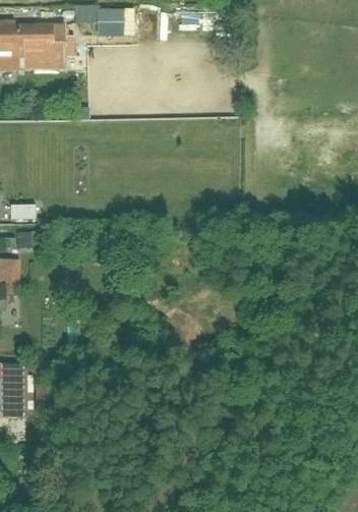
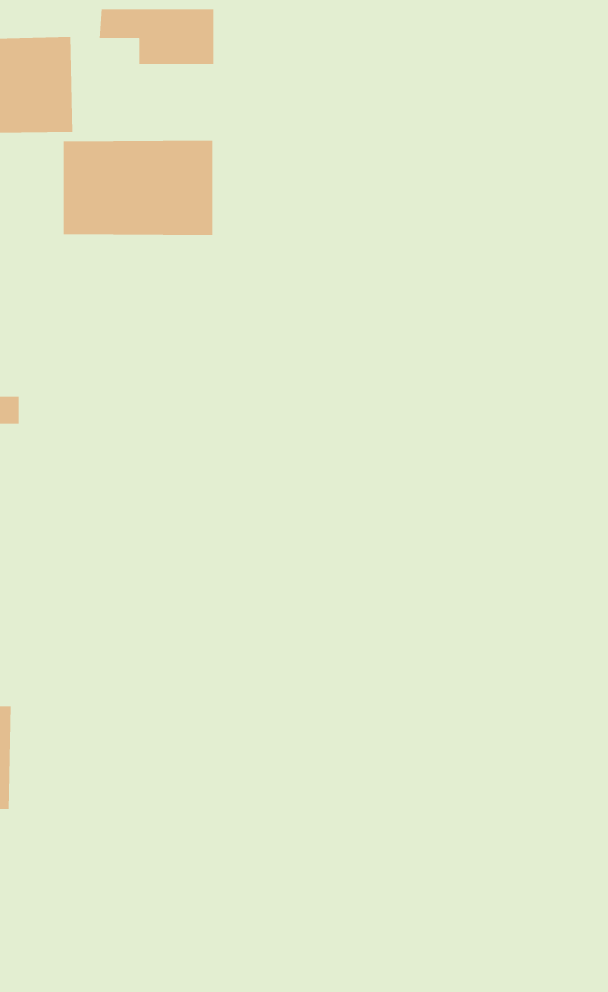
building: none -> [63,140,213,236]

